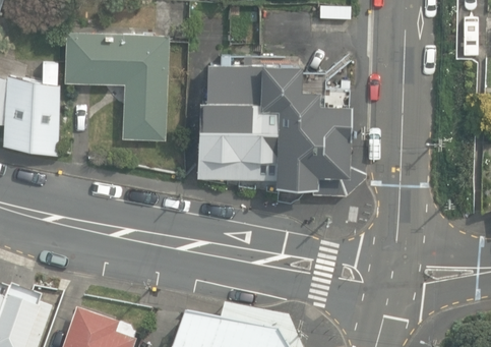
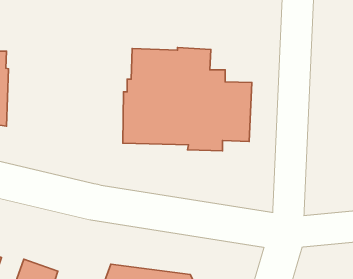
building: [65,30,169,137] -> none

